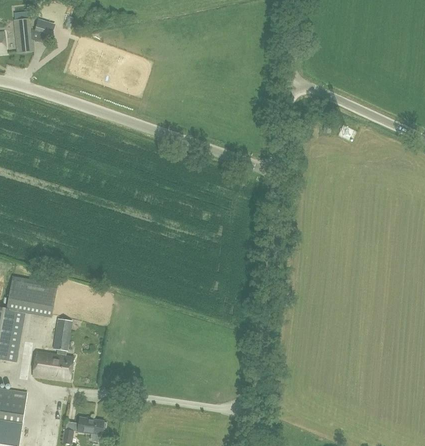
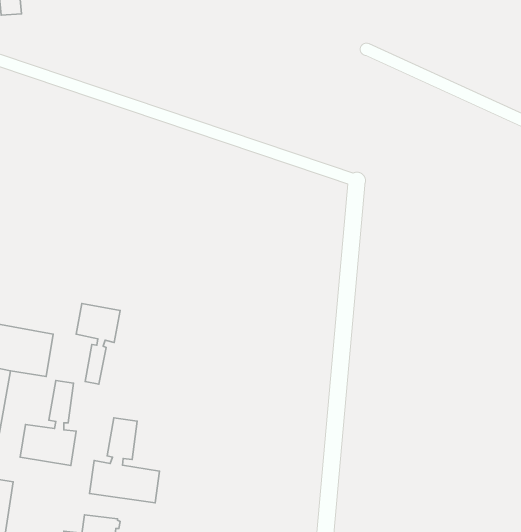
building: none -> [76,304,120,384]
building: none -> [89,418,160,503]

